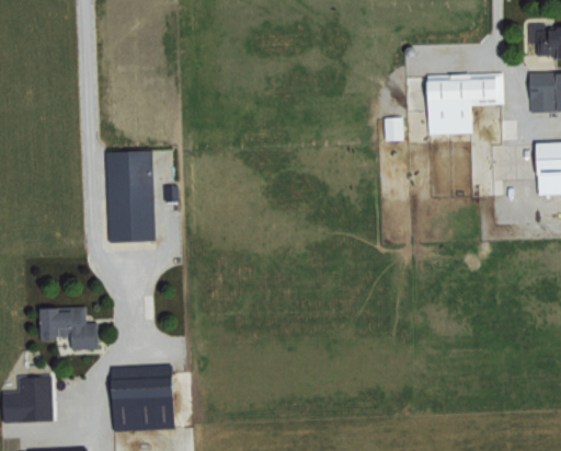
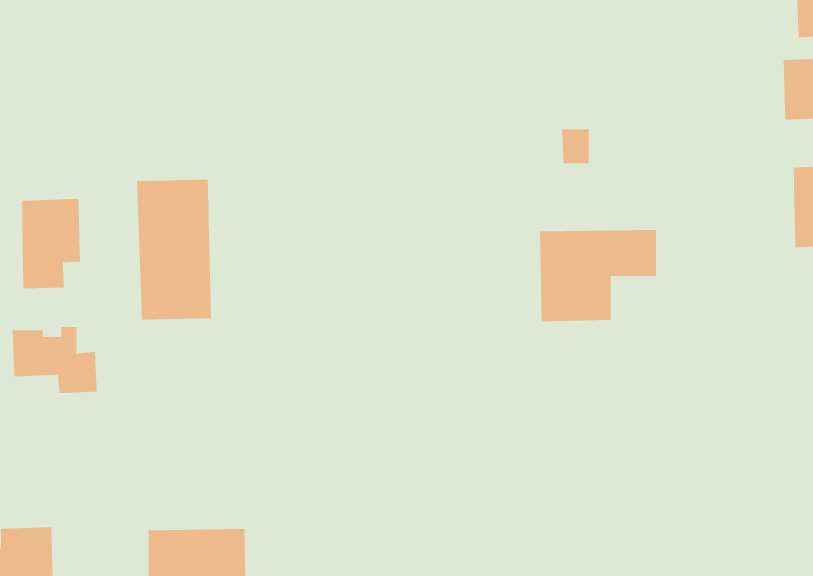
building: [426,73,503,134] -> [539,230,657,322]
building: none -> [21,198,81,289]
building: [44,305,100,349] -> [12,326,97,394]

